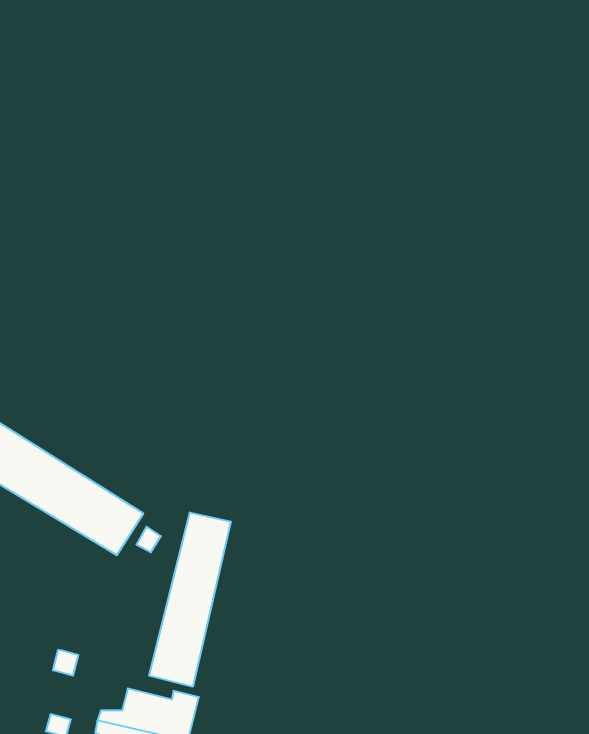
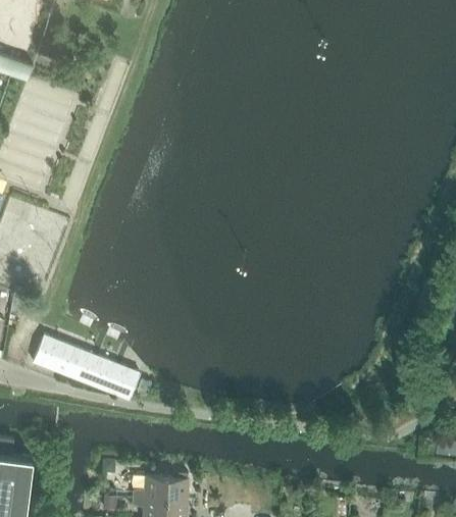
building: [149,512,231,687] -> none

